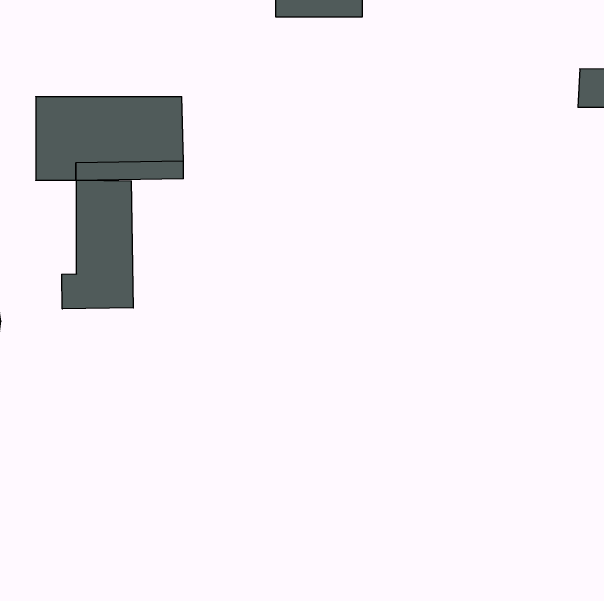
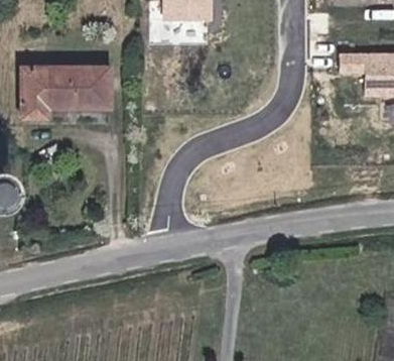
building: [62,180,133,309] -> none

